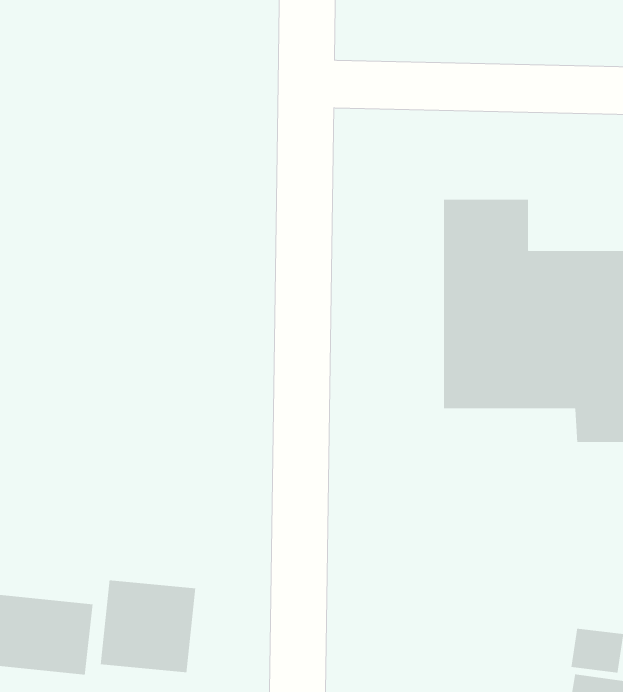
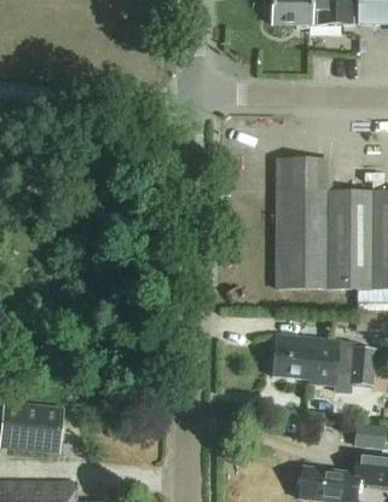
building: none -> [272,334,373,394]
building: [100,579,196,673] -> none

